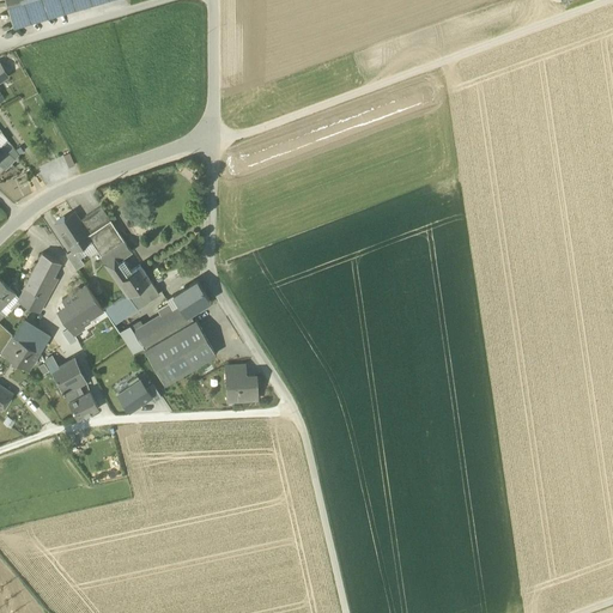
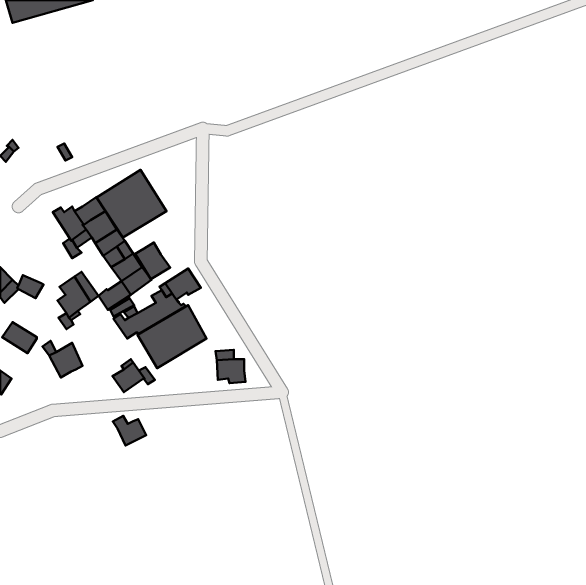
building: none -> [97,170,166,238]
building: [24,254,59,297] -> none
building: none -> [135,243,170,279]
building: [13,320,50,353] -> none
building: [63,389,98,420] -> [113,416,146,446]

